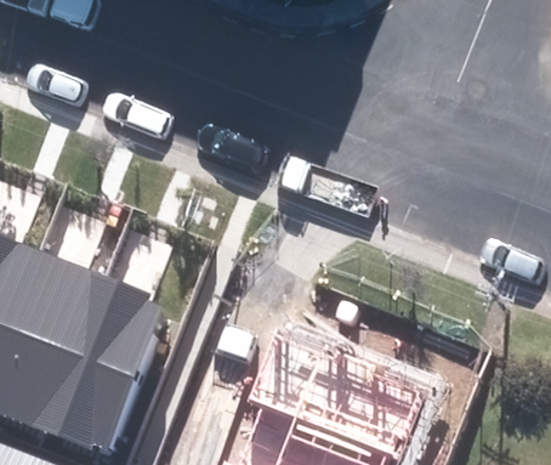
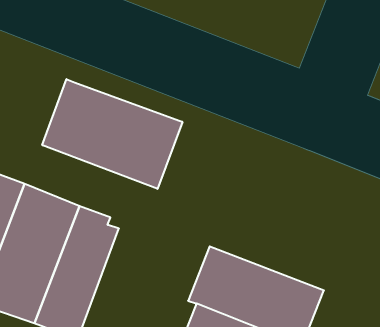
building: none -> [42,79,182,189]

